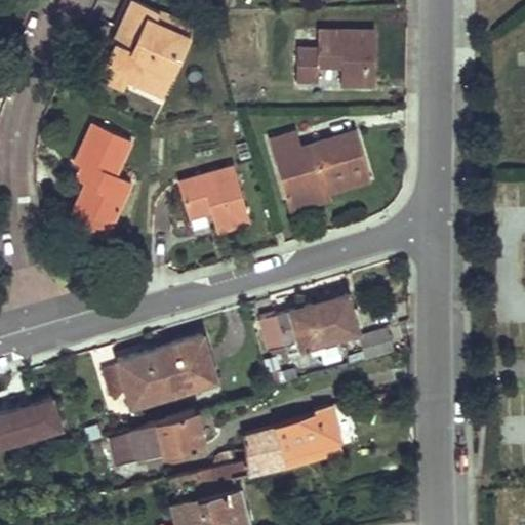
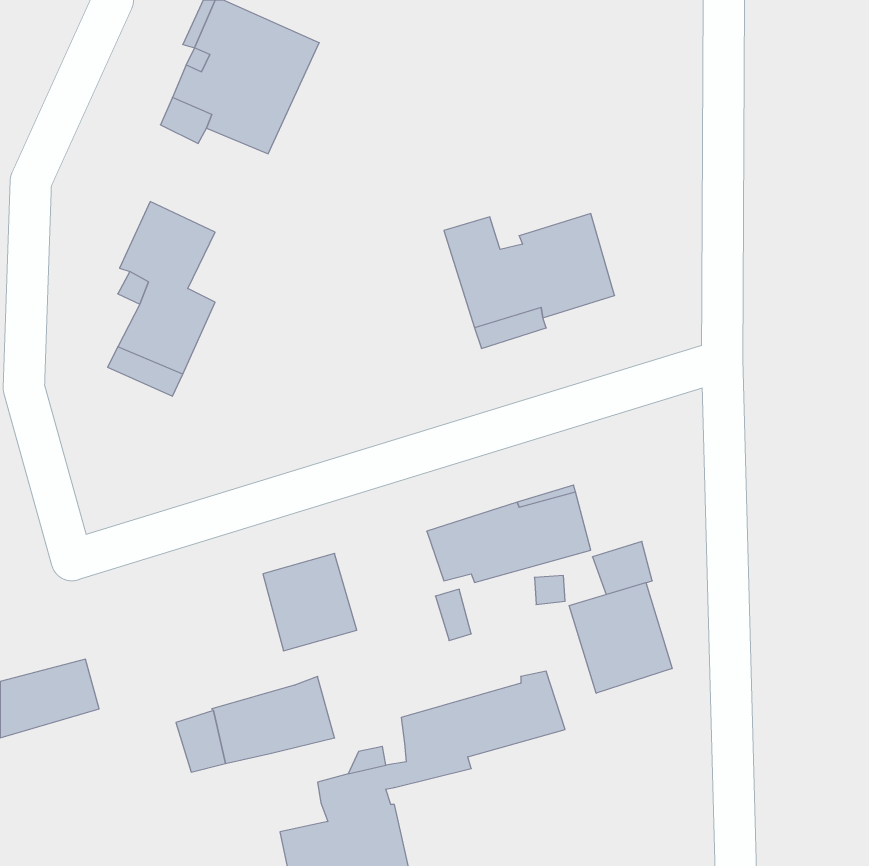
building: [296,32,375,88] -> none
building: [179,169,251,235] -> none
building: [102,349,172,407] -> none
building: none -> [569,583,672,693]

